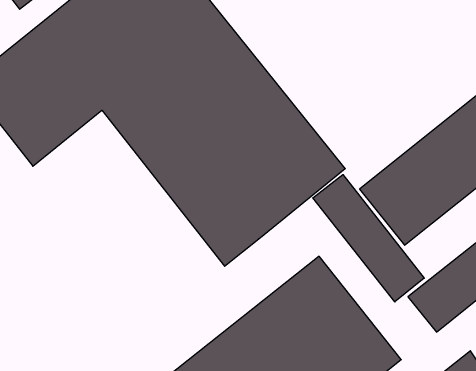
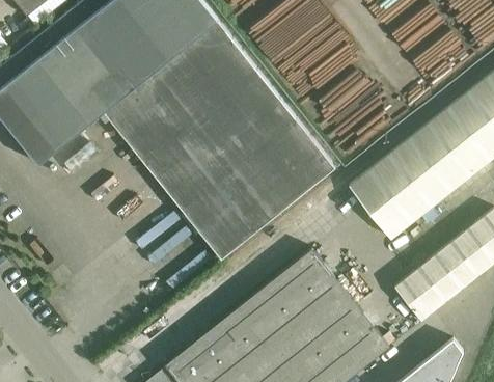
building: [313,175,424,302] -> none

